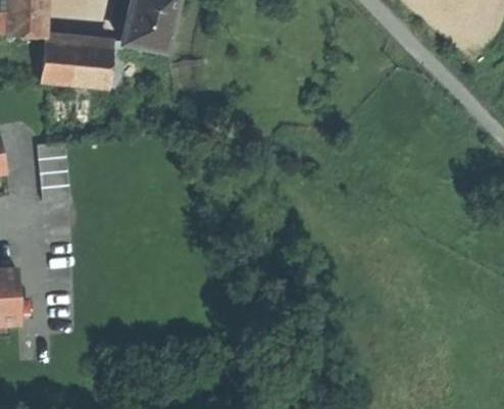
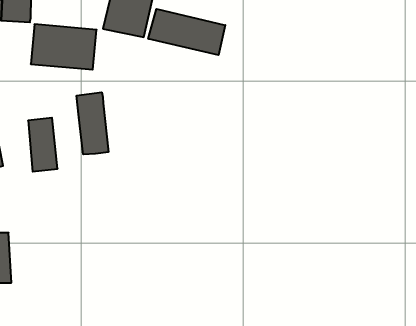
building: none -> [148,9,225,55]
building: none -> [77,92,108,154]

